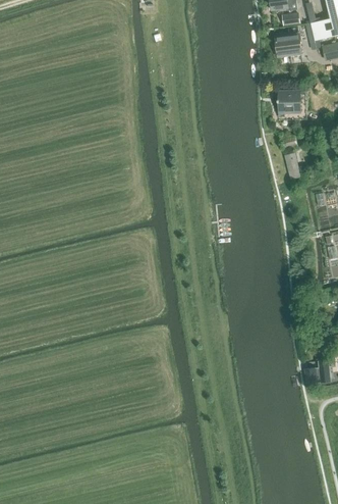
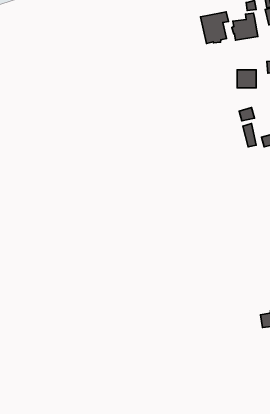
building: none -> [201,12,229,43]

